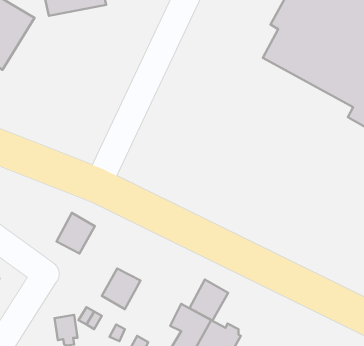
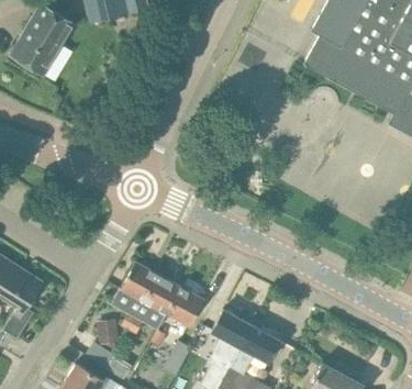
building: [56,213,95,254] -> [120,260,158,301]
building: [190,280,228,320] -> [166,286,204,326]

